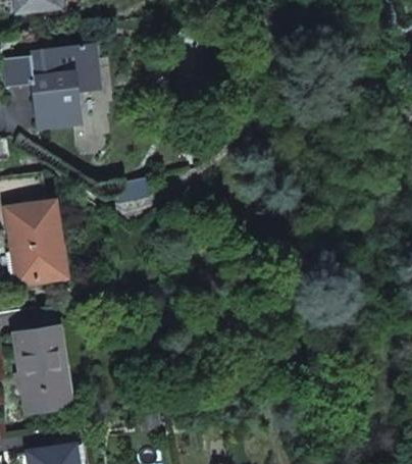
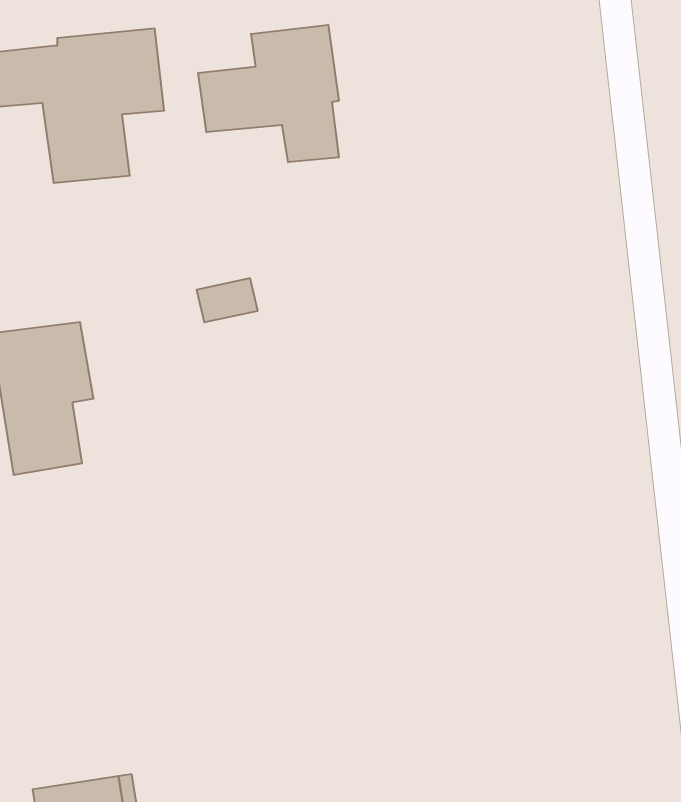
building: none -> [198,25,339,162]
building: [16,328,68,411] -> none

